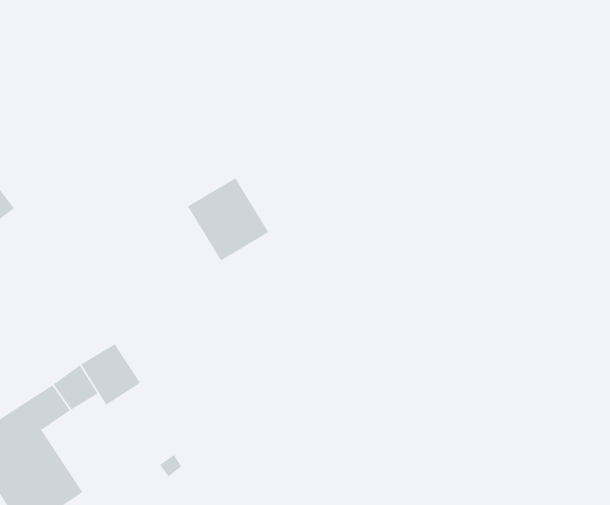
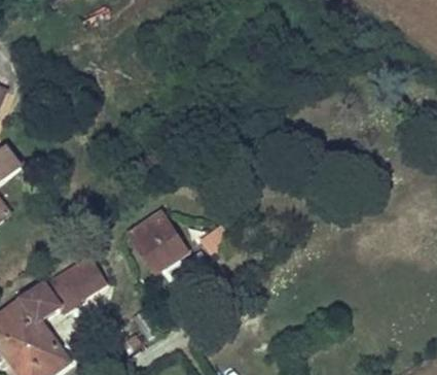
building: [187,178,269,261] -> [132,213,187,270]

